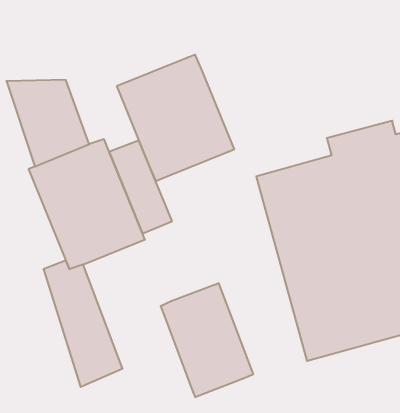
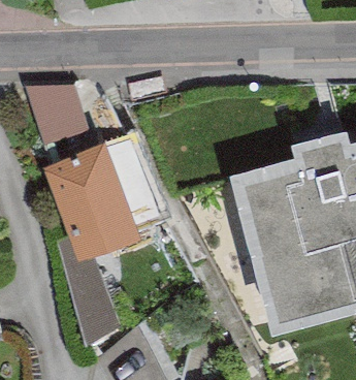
building: [117,55,234,181] -> none
building: [161,283,253,397] -> none

